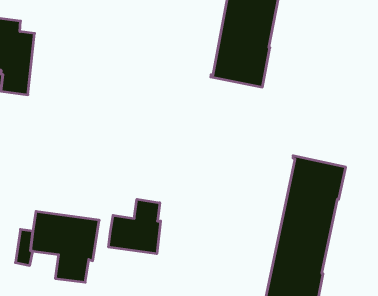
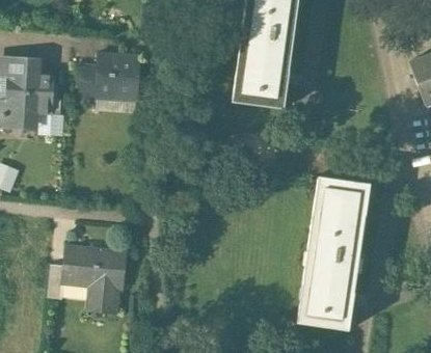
building: none -> [79,55,139,102]
building: [109,199,161,254] -> none

